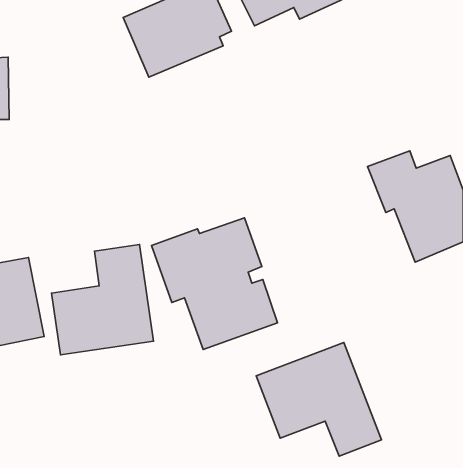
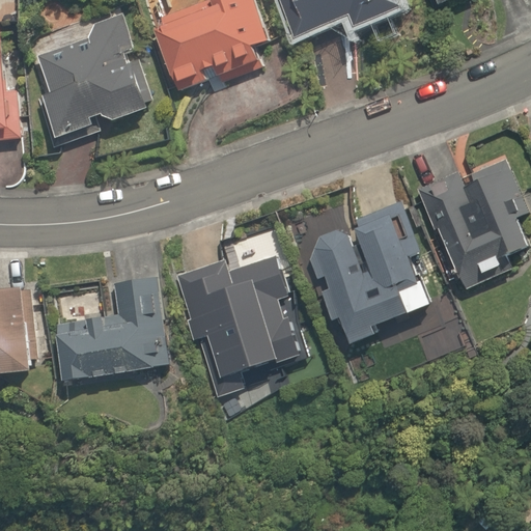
building: none -> [23,6,145,134]
building: none -> [305,198,452,353]
building: [256,342,382,456] -> none

